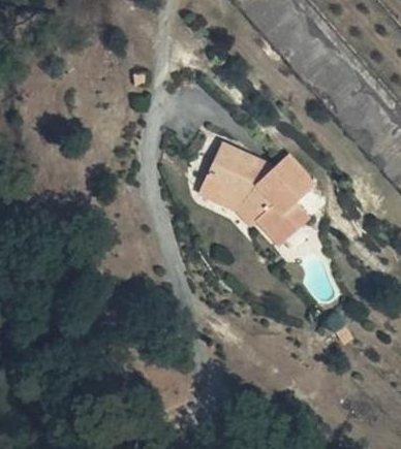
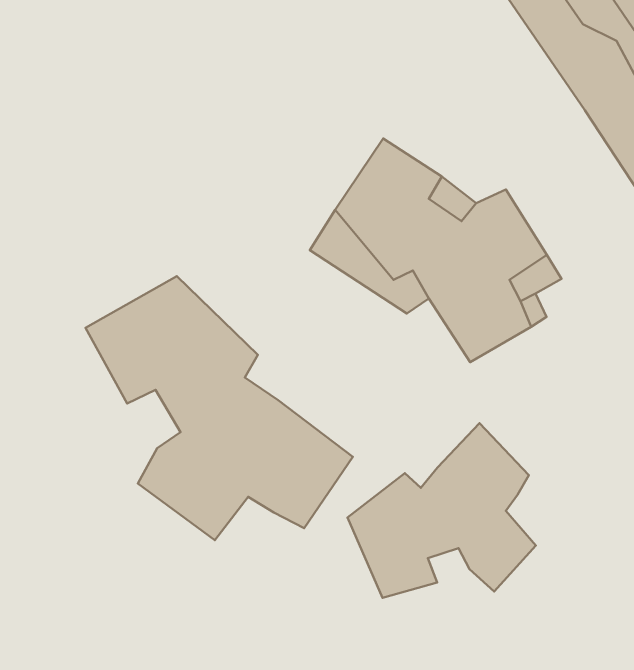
building: none -> [86,276,353,540]
building: none -> [348,423,536,598]

